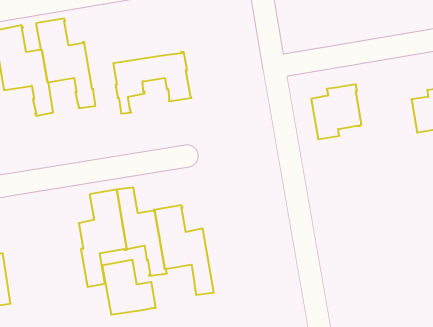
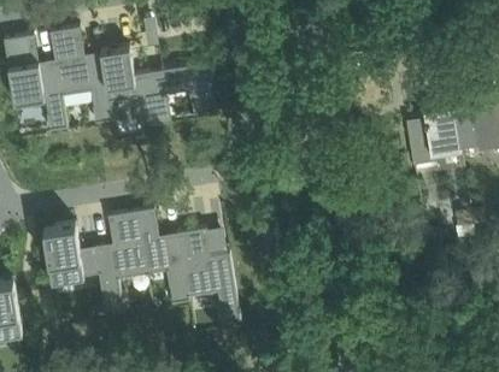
building: none -> [101,47,136,102]
building: [311,84,362,139] -> [406,106,460,165]
building: [102,260,156,315] -> [42,223,100,282]

